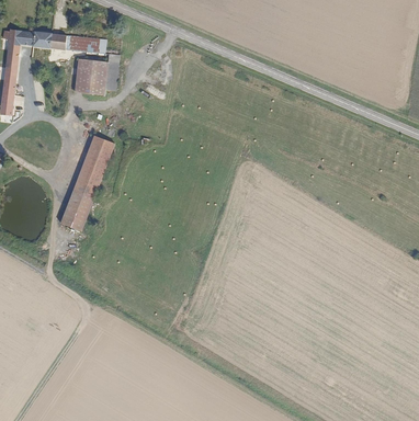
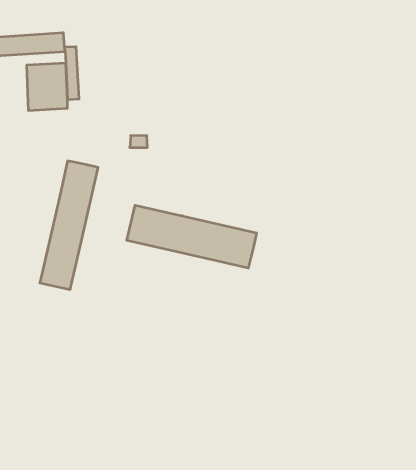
building: none -> [127,205,257,268]

